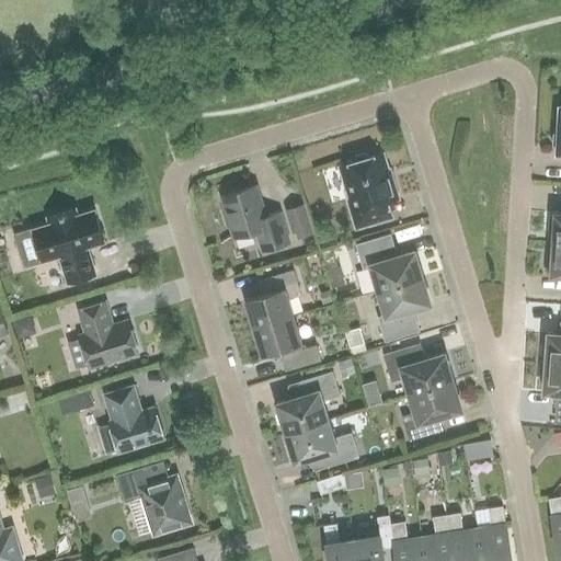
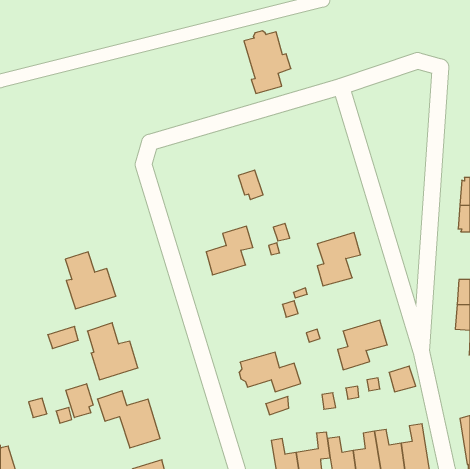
building: [342,154,398,229] -> [244,31,291,93]
building: [221,186,289,252] -> none
building: [15,210,103,283] -> none
building: [356,234,422,291] -> none
building: [253,317,321,369] -> none
building: [382,345,453,396] -> none
building: [276,373,340,433] -> none
building: none -> [66,384,93,418]

